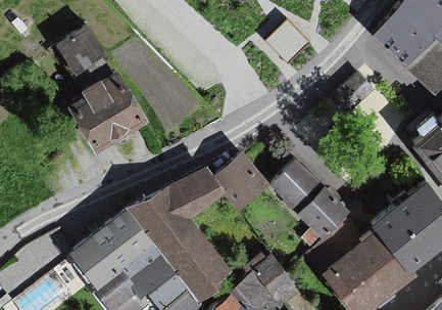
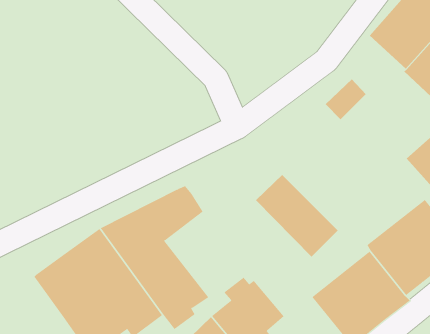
building: [265,19,310,63] -> none
building: [57,26,109,80] -> none
building: [70,73,143,148] -> none
building: [218,157,268,208] -> none

